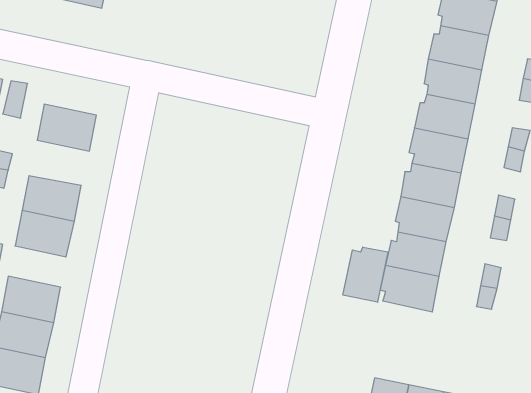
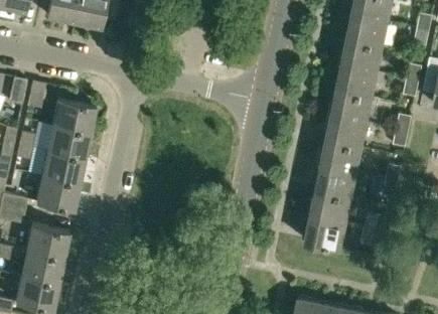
building: none -> [46,124,91,157]
building: [343,247,388,302] -> none

